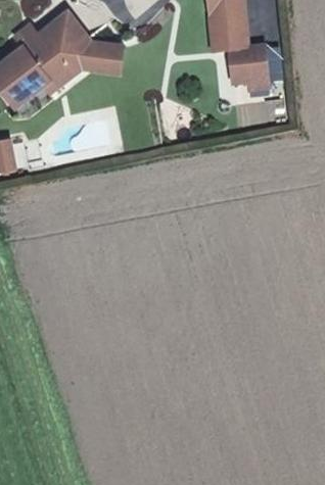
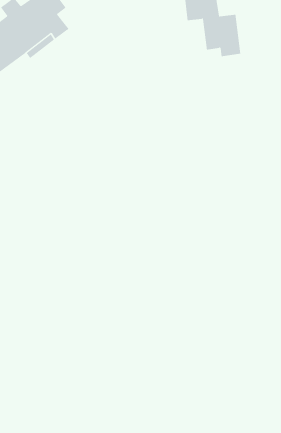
building: [78,37,124,71] -> none

